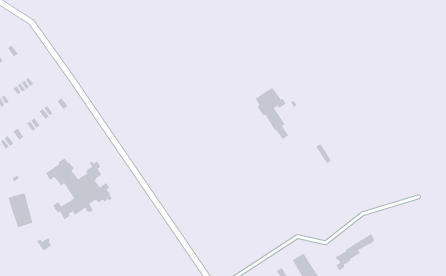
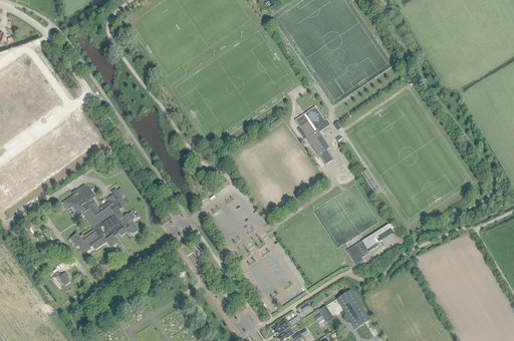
building: [8,192,33,228] -> none
building: [335,233,375,271] -> [350,223,396,265]

